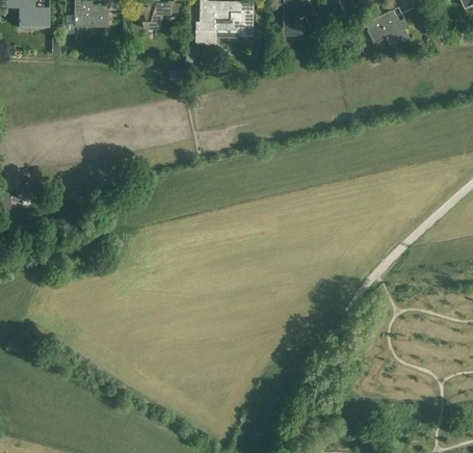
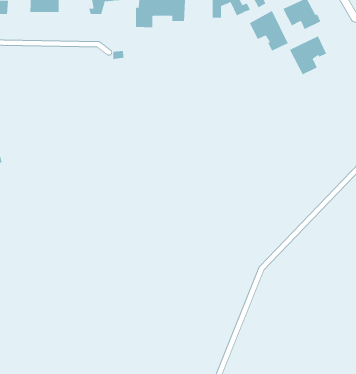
building: none -> [249,10,288,52]
building: none -> [289,36,327,75]

